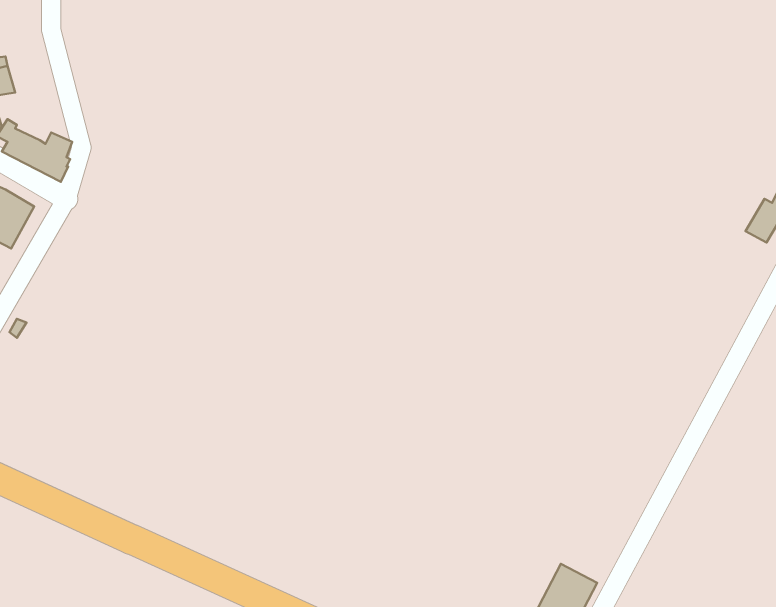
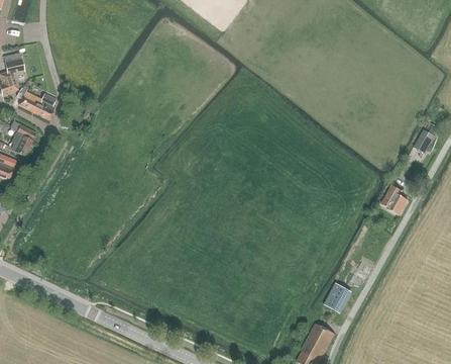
building: none -> [381,185,408,214]
building: none -> [323,282,352,312]

